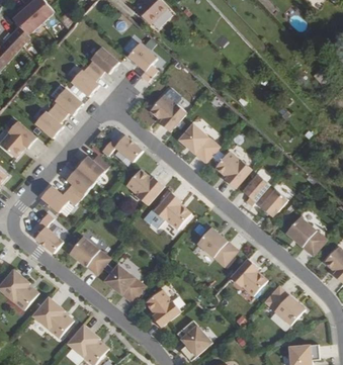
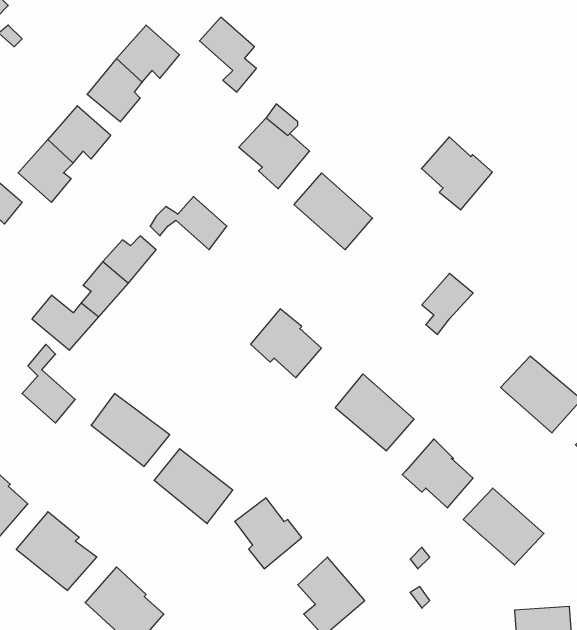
building: [213,150,250,187] -> [421,137,492,210]
building: [125,169,163,205] -> none
building: [256,185,285,215] -> none

